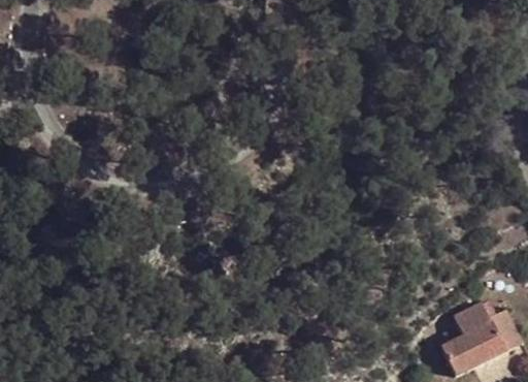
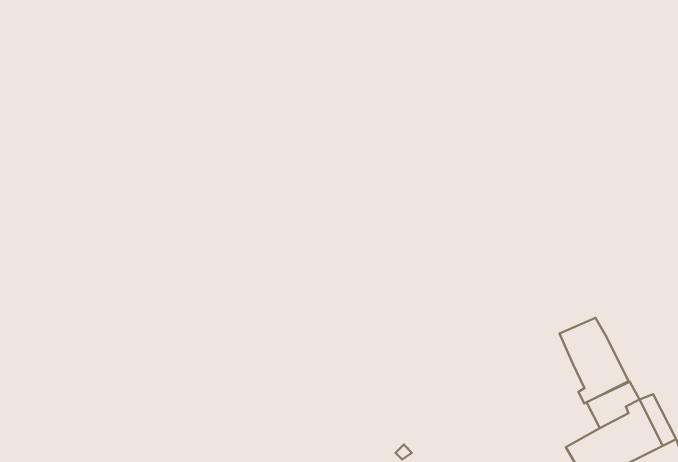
building: none -> [560,318,629,403]

